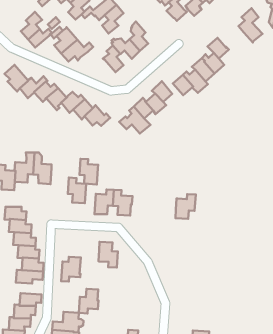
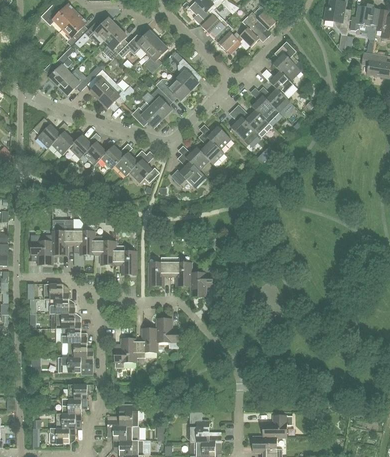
building: [238,8,263,42] -> [272,41,301,81]
building: none -> [130,101,162,127]
building: [80,159,98,184] -> [94,235,115,264]
building: [175,194,196,219] -> [190,266,212,295]
building: [79,289,98,313] -> [135,328,157,357]

